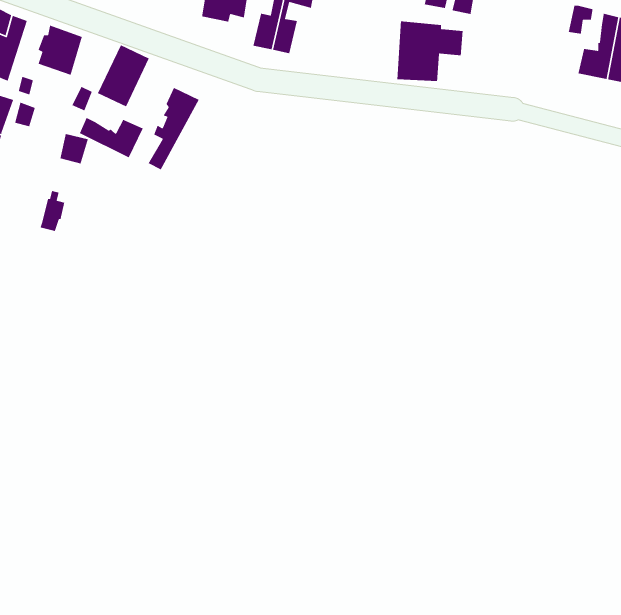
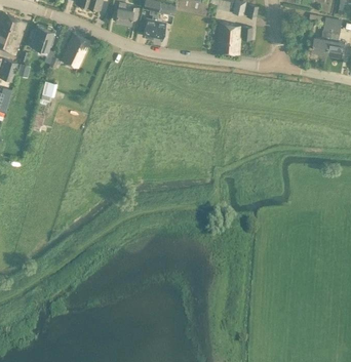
building: [147,87,200,171] -> none
building: [79,117,144,159] -> none

